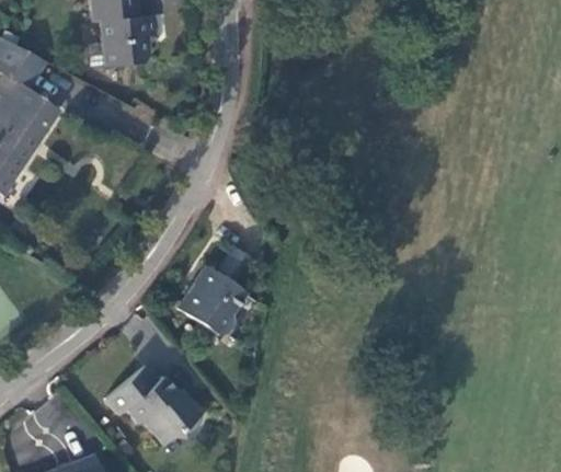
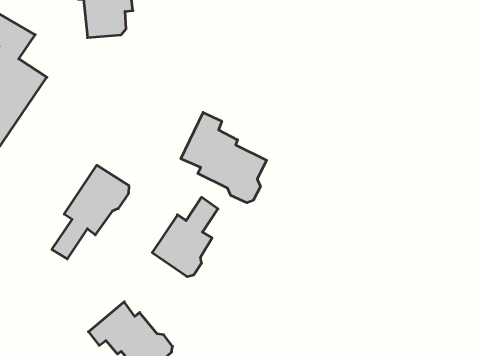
building: none -> [181,112,267,203]
building: none -> [52,165,129,259]

